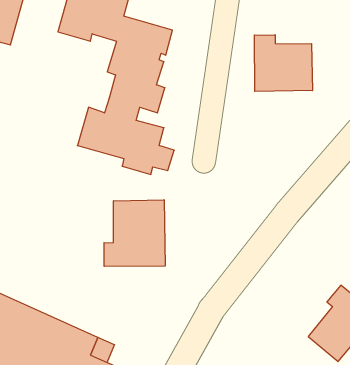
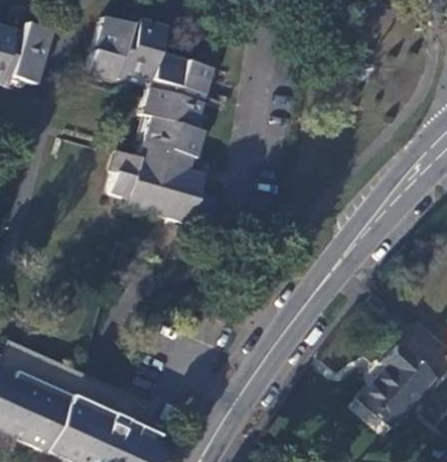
building: [254,35,312,91] -> none
building: [104,200,165,266] -> none

